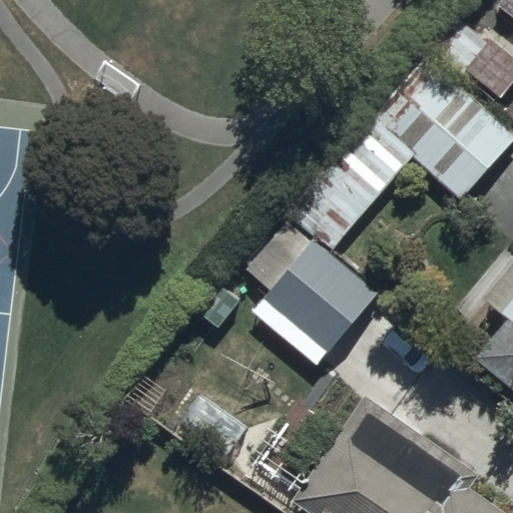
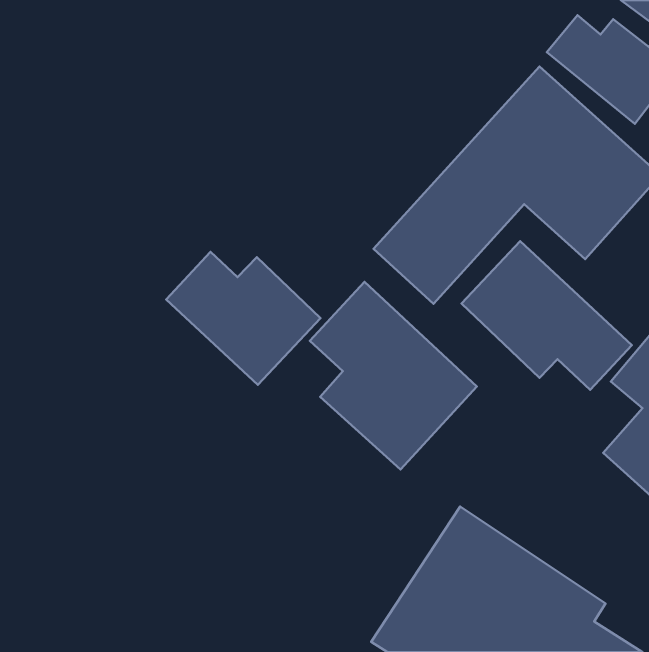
building: none -> [461,241,632,390]
building: none -> [166,252,320,385]

